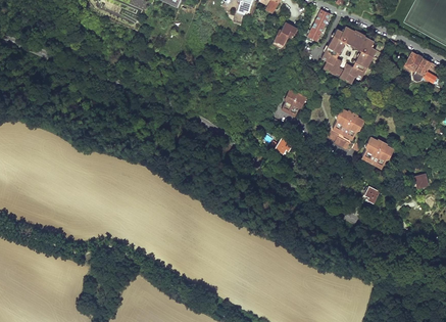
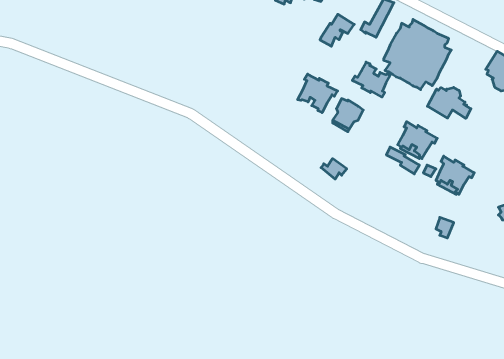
building: none -> [352,62,390,97]
building: none -> [298,74,338,113]
building: none -> [427,87,471,118]

